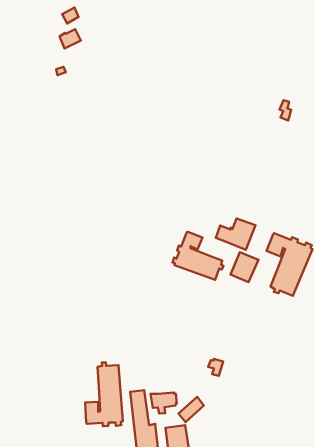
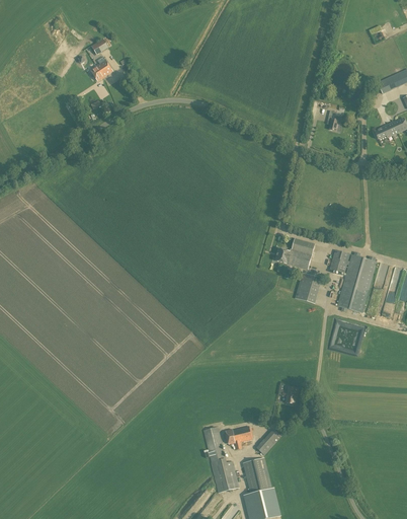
building: [172,232,224,280] -> none
building: [85,362,123,426] -> none

